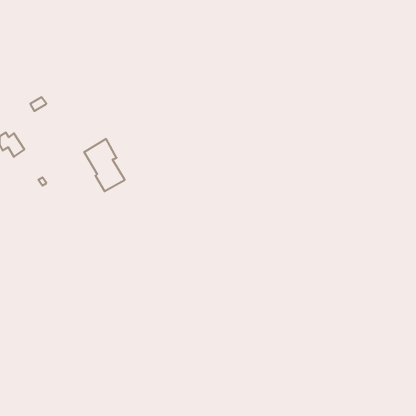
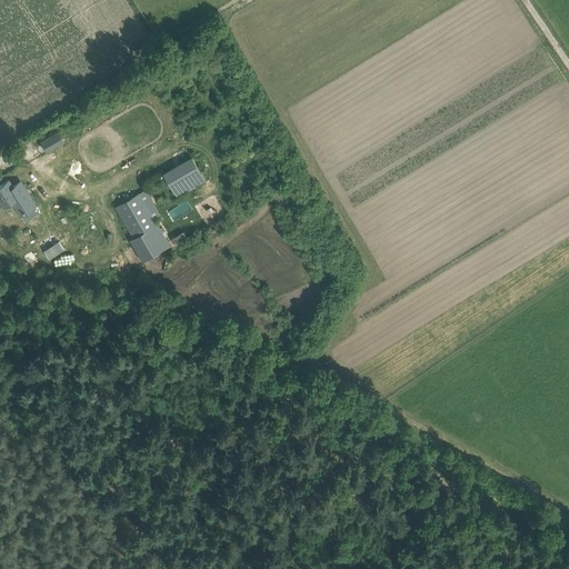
building: none -> [164,158,206,198]

